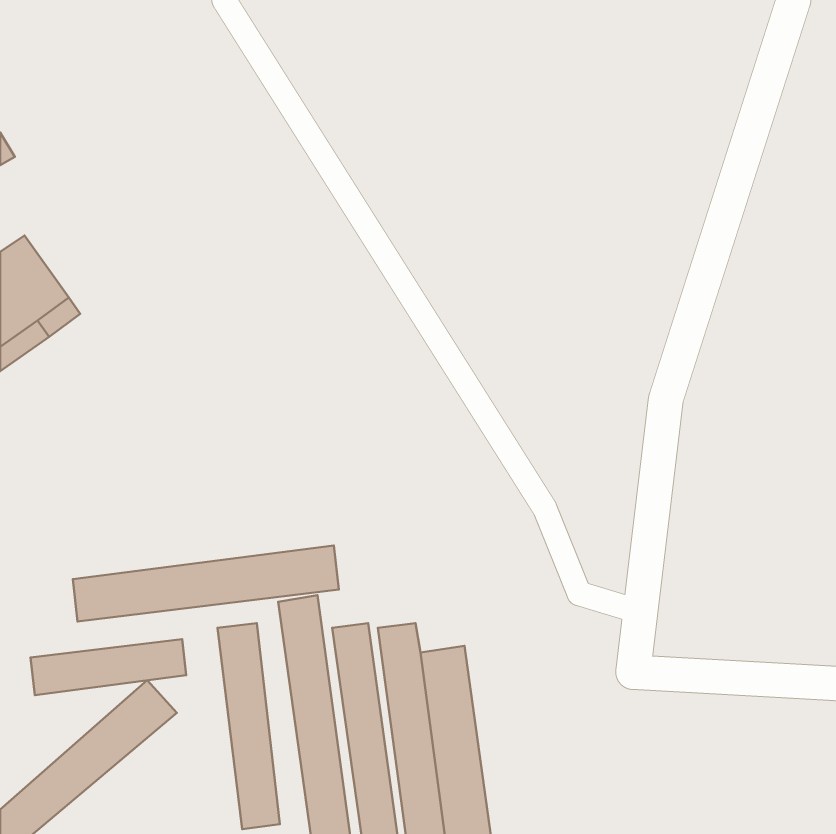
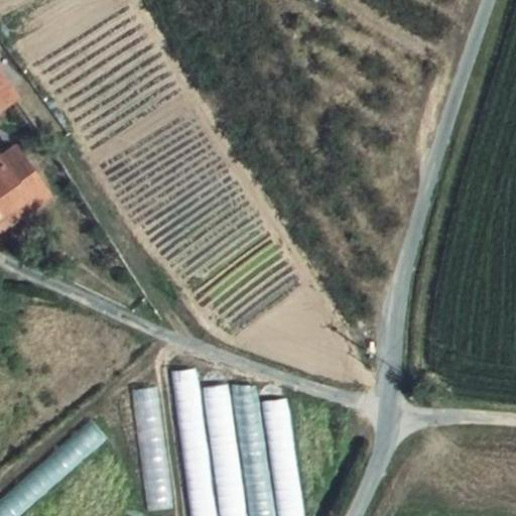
building: [73,545,339,621] -> none
building: [30,639,186,695] -> none

